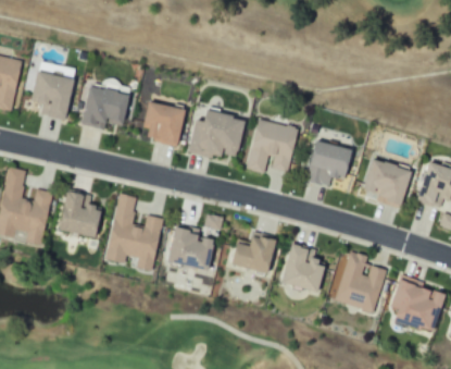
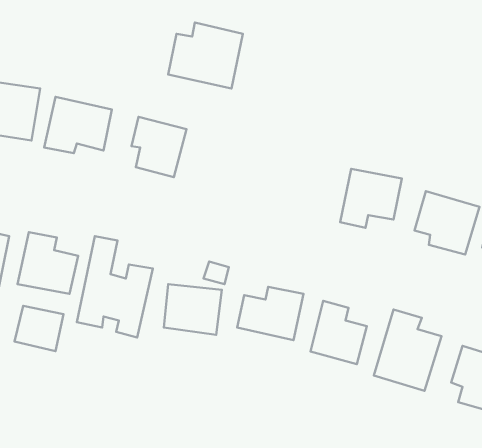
building: [189,110,247,161] -> [168,23,243,89]
building: [246,119,297,173] -> none
building: none -> [15,306,63,351]

